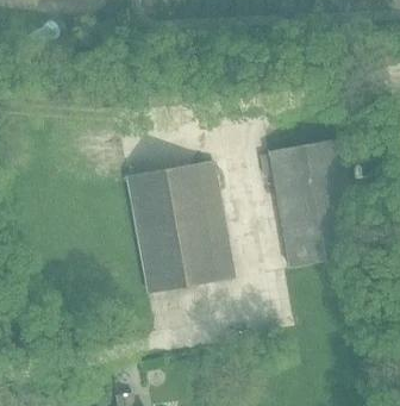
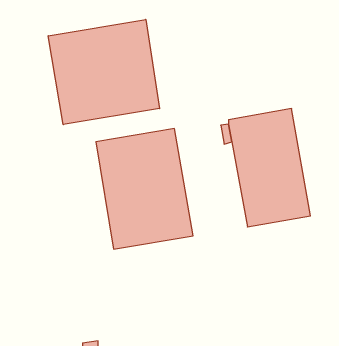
building: none -> [48,19,160,125]

